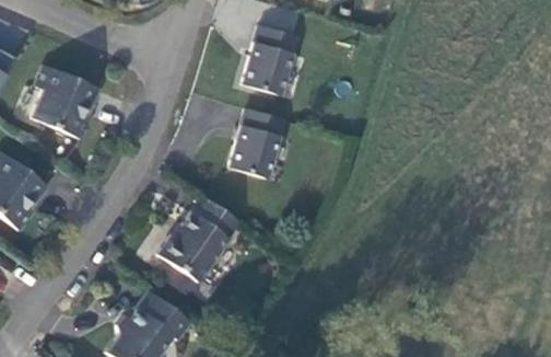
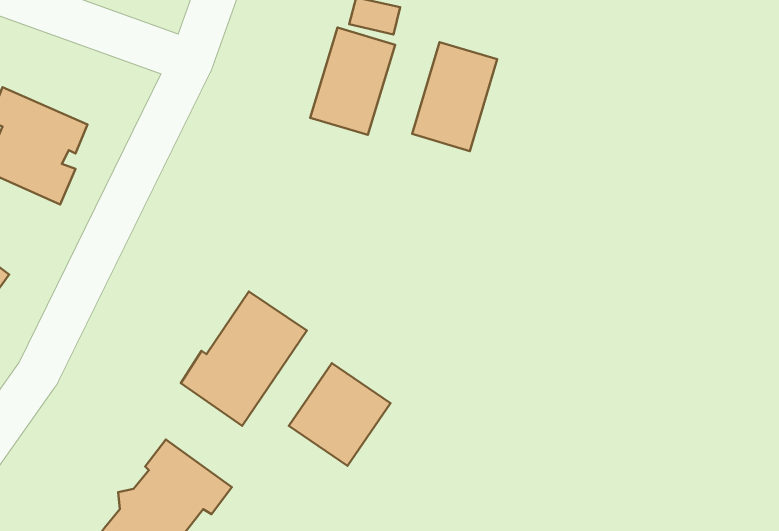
building: [228,108,283,178] -> [412,42,497,151]
building: none -> [289,363,391,466]

